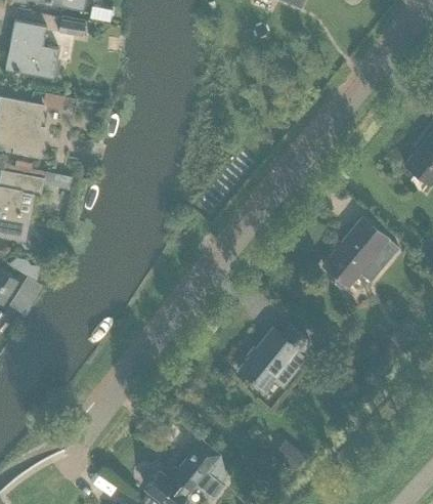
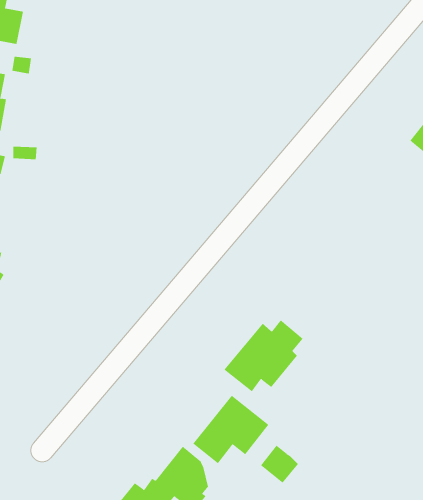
building: [323,223,398,288] -> none
building: none -> [193,395,269,464]

